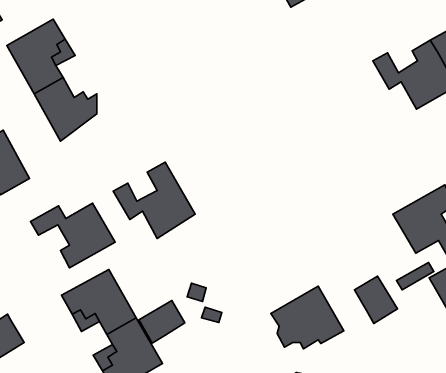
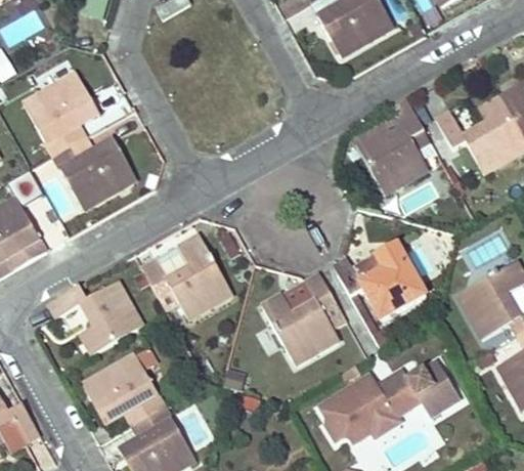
building: none -> [355,98,430,196]
building: none -> [332,244,425,319]
building: none -> [259,271,340,367]
building: none -> [380,366,426,415]
building: [139,301,185,343] -> none

